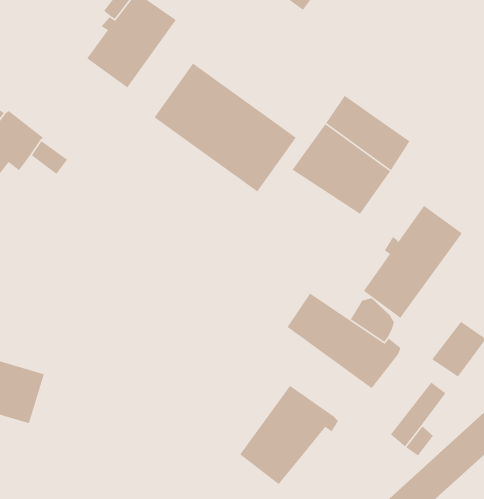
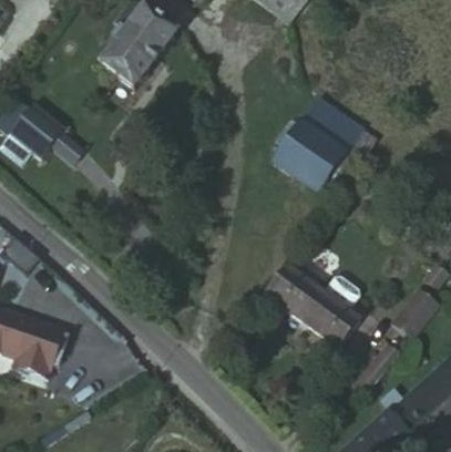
building: [154,62,297,193] -> none
building: [363,205,463,319] -> none
building: [239,385,339,485] -> none

